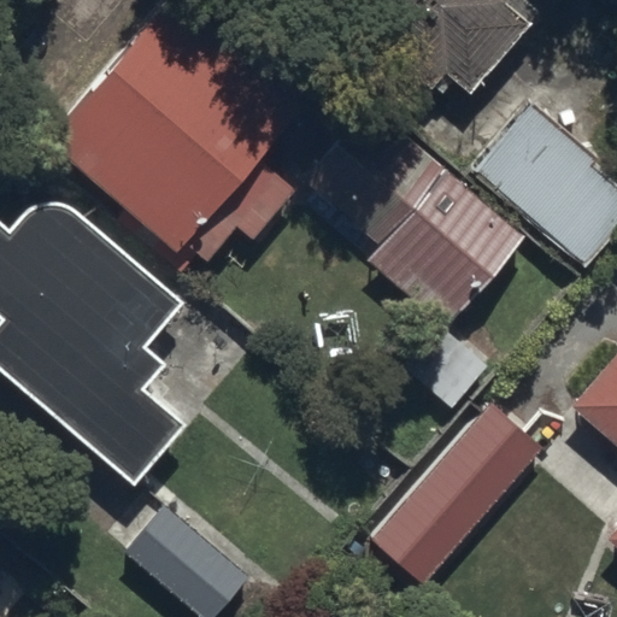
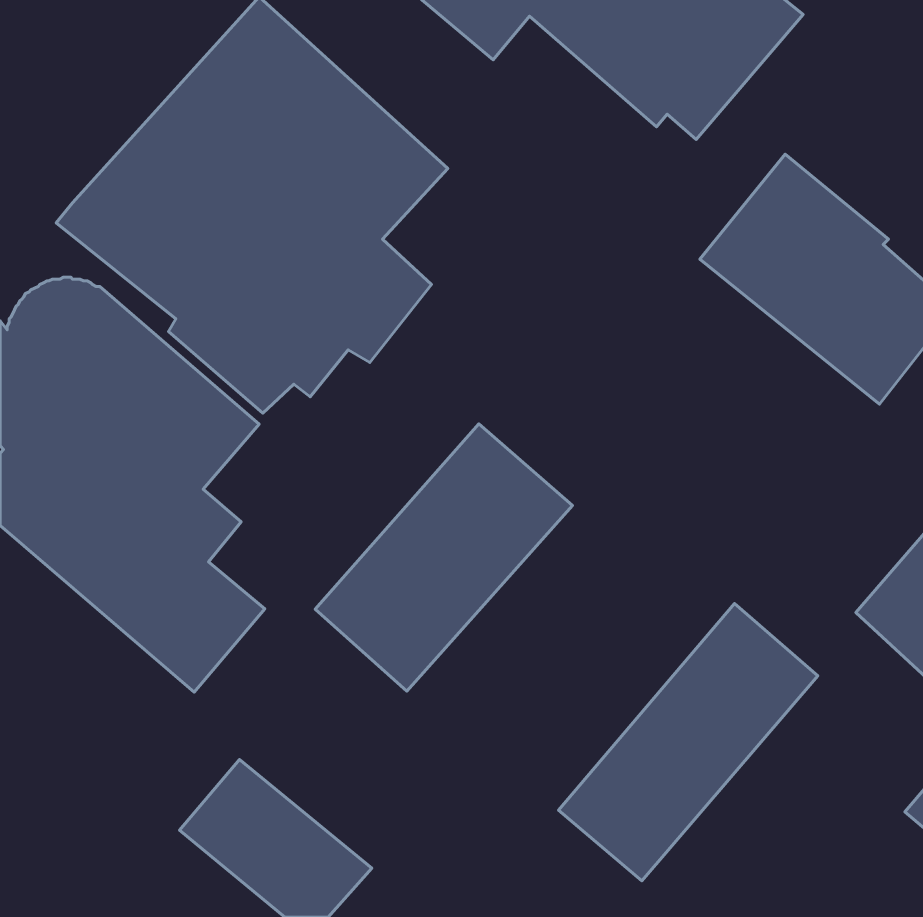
building: [301,104,524,330] -> none
building: none -> [315,424,572,691]

